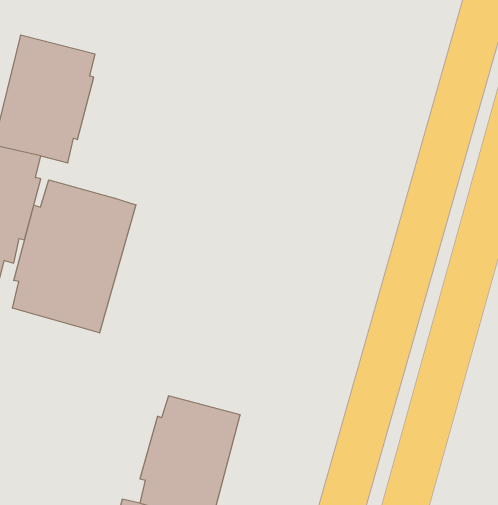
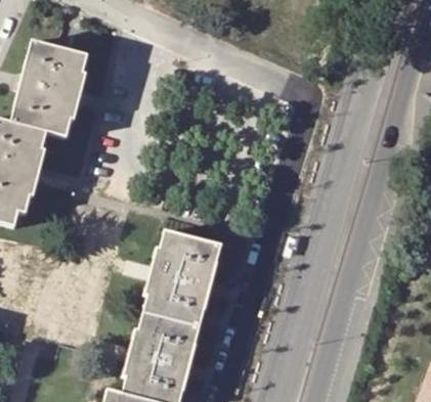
building: [13,180,136,333] -> none
building: none -> [143,233,221,329]

